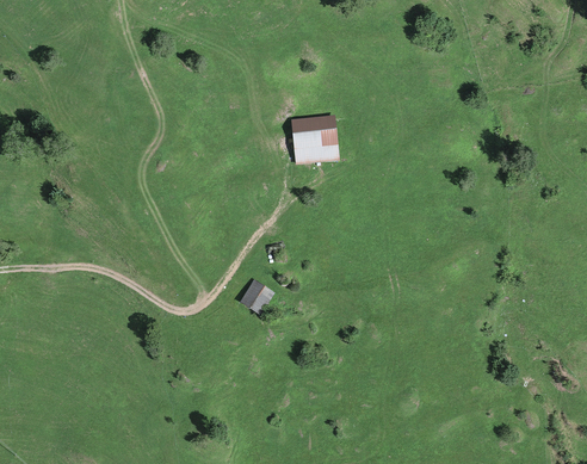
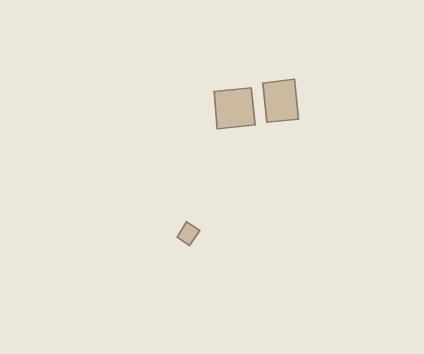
building: none -> [263,79,299,122]

